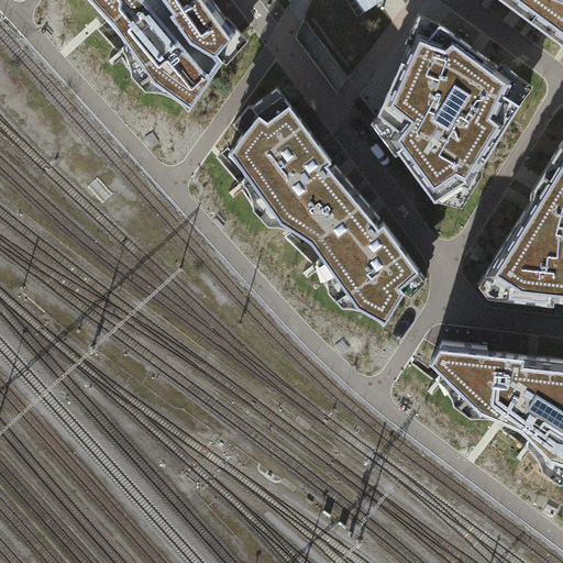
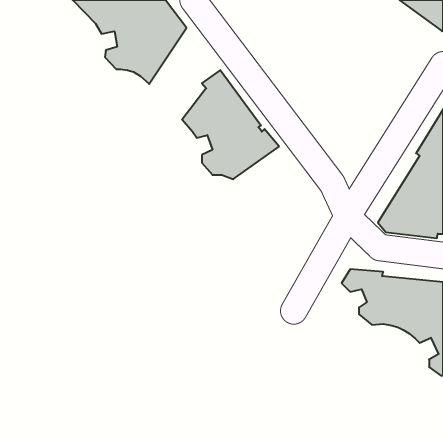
building: [379,19,518,199] -> none
building: [296,190,417,323] -> none

